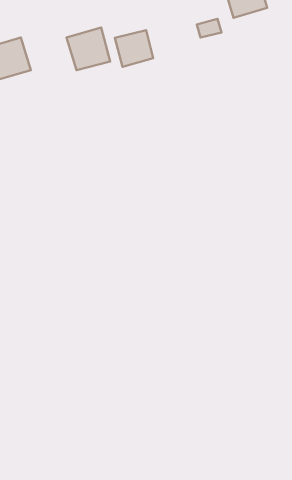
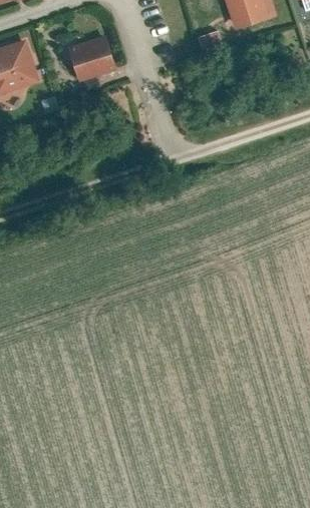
building: [115,30,153,67] -> none

